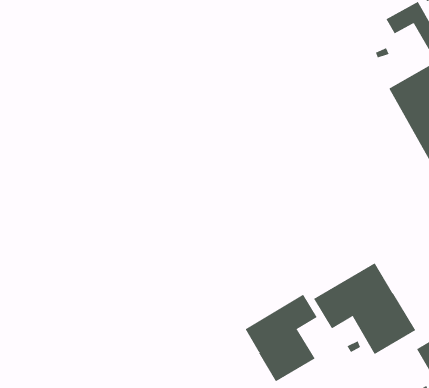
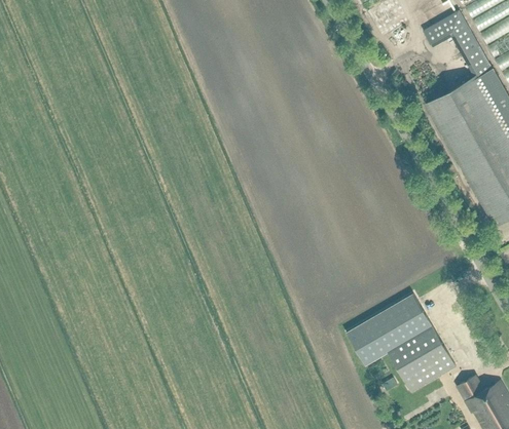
building: [245,294,317,382] -> none

